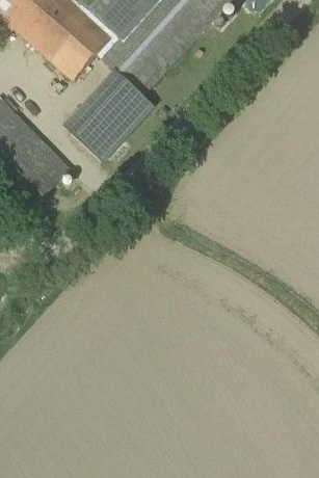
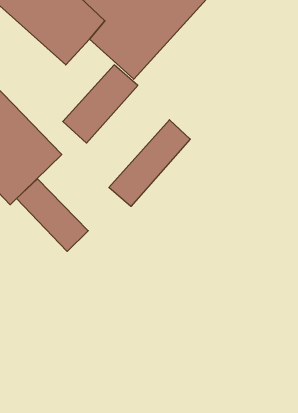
building: none -> [109,120,190,206]
building: none -> [17,179,88,251]

